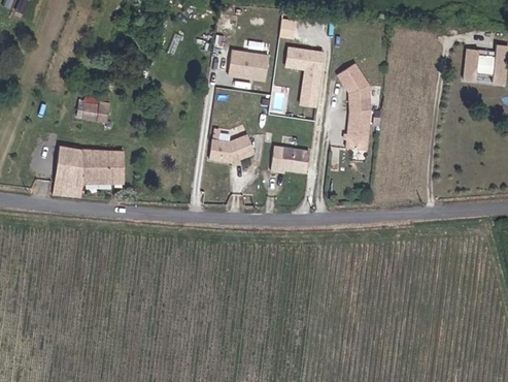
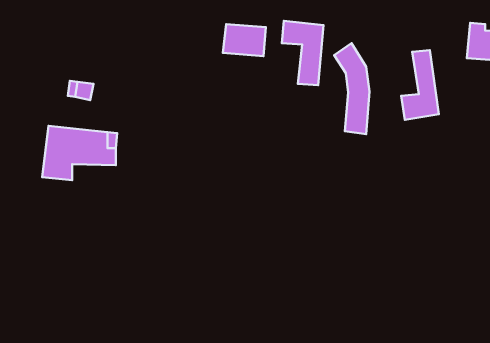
building: none -> [401,50,439,120]
building: [209,136,256,164] -> none
building: [271,147,309,172] -> none

